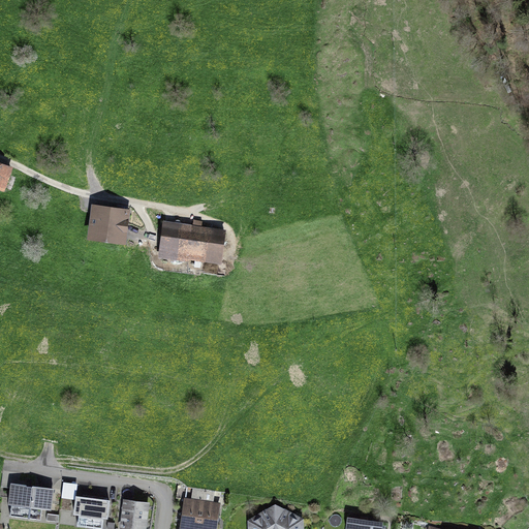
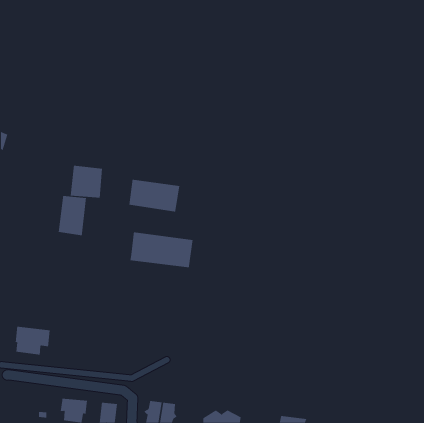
building: none -> [58,195,87,236]
building: none -> [130,231,193,268]
building: [9,483,54,519] -> [15,326,50,355]

